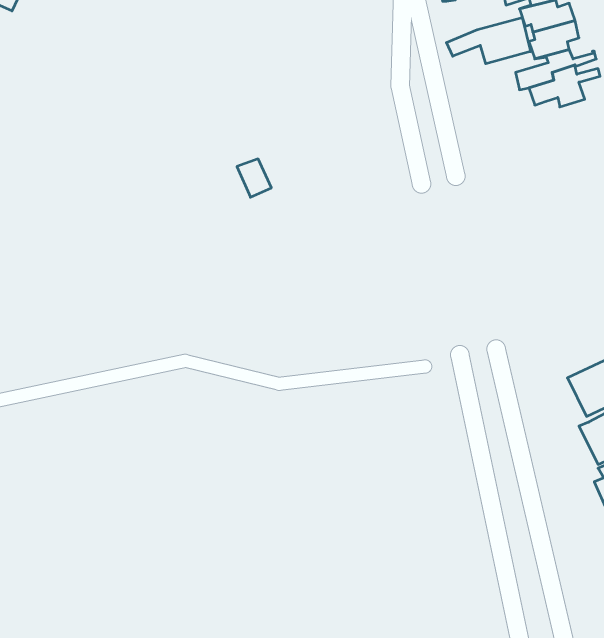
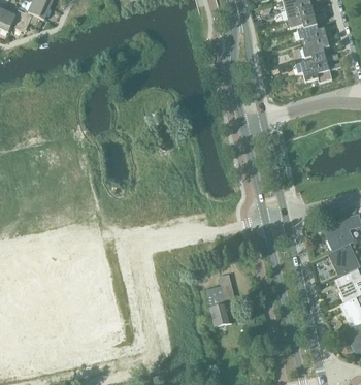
building: [446,17,530,64] -> none
building: none -> [205,285,233,325]

